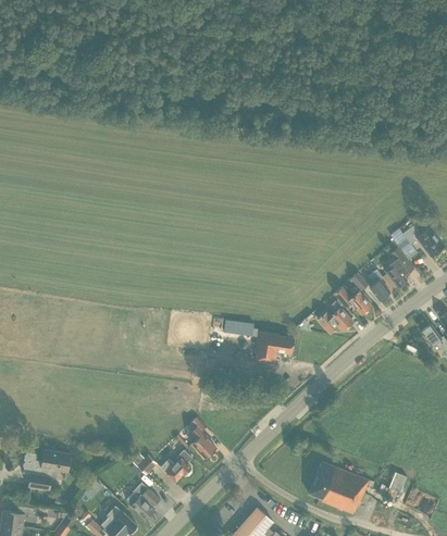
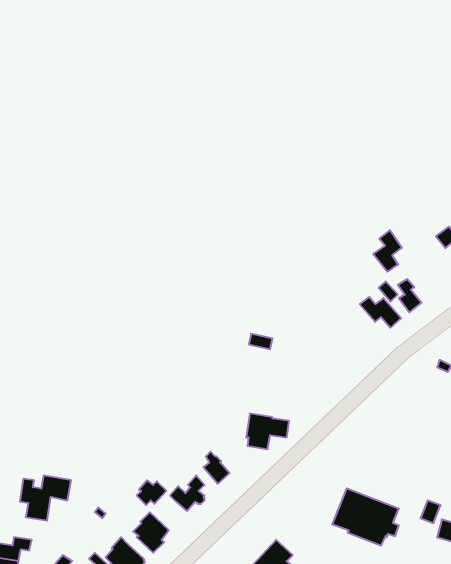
building: [384,246,410,284] -> [373,230,402,272]
building: [316,301,353,334] -> none
building: [254,332,294,364] -> [246,414,289,449]

